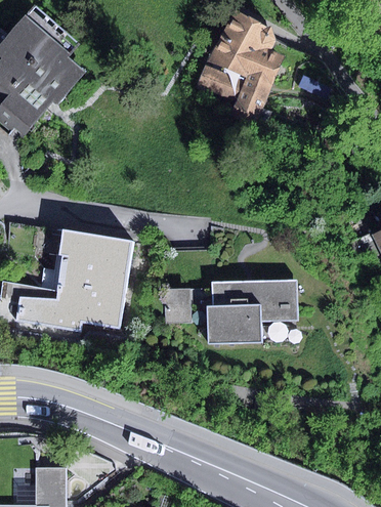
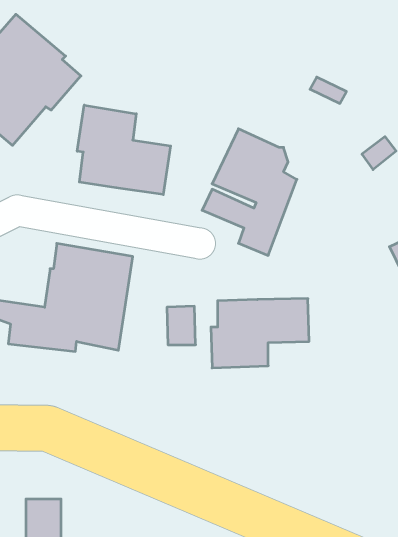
building: [196,8,284,126] -> [202,129,297,255]
building: none -> [77,105,171,195]

